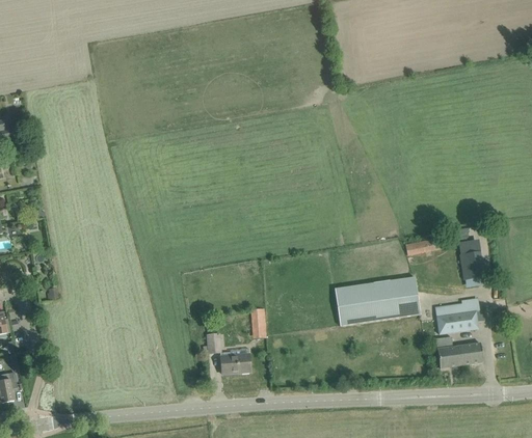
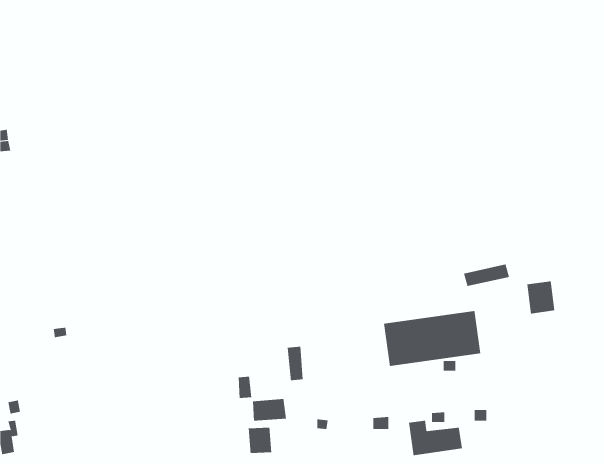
building: [435,301,485,333] -> none
building: [435,336,483,367] -> [408,420,463,456]
building: none -> [248,427,272,454]

